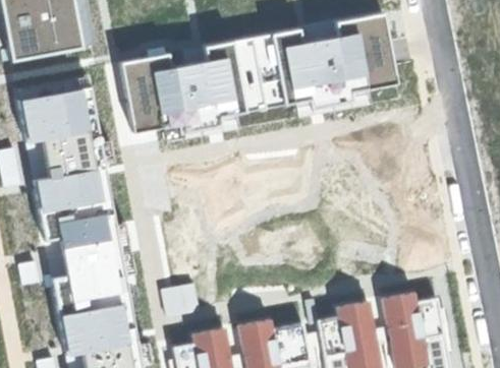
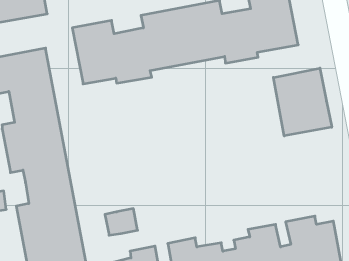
building: none -> [273,68,332,136]

